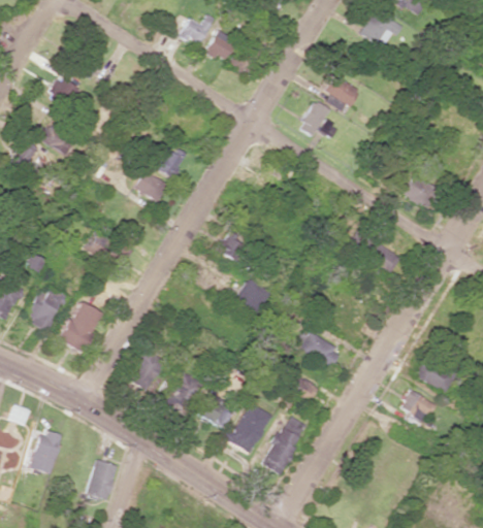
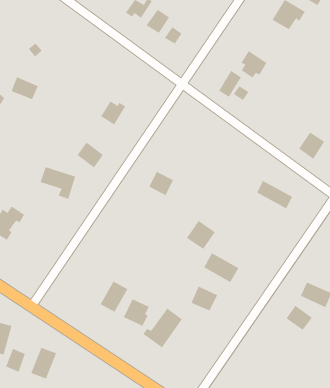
building: [134,170,168,203] -> [77,142,104,168]
building: [232,278,269,316] -> [186,220,216,250]
building: [58,301,101,352] -> none
building: [133,351,164,383] -> none
building: [263,416,305,475] -> none
building: none -> [5,348,26,373]

